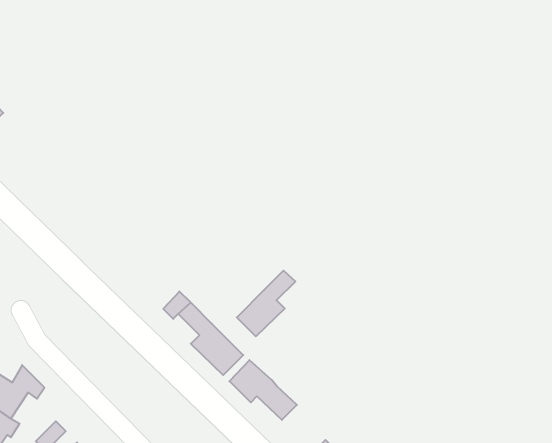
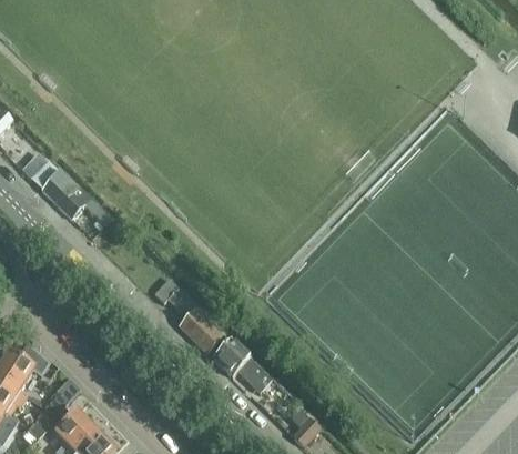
building: none -> [30,160,111,225]
building: [237,271,295,336] -> none

